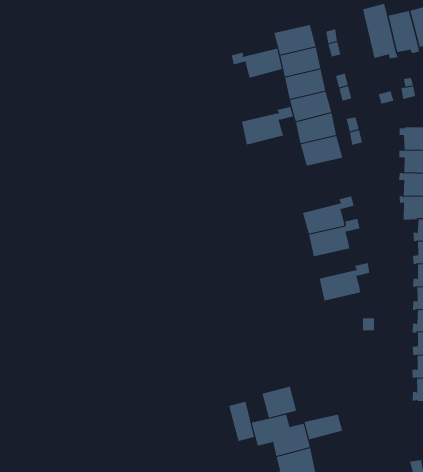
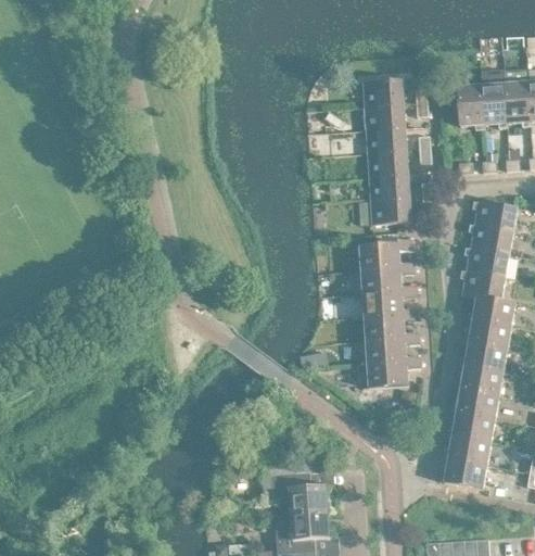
building: [231,48,282,79] -> none
building: [241,106,294,145] -> [359,239,413,270]
building: none -> [364,308,418,340]
building: none -> [367,356,421,388]
building: [262,386,297,419] -> none
building: [229,401,254,442] -> none
building: [304,414,343,440] -> none

